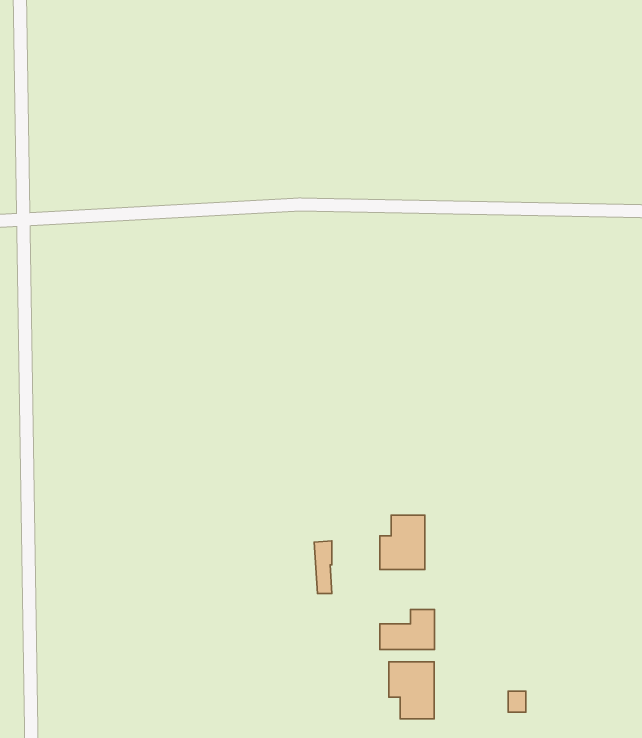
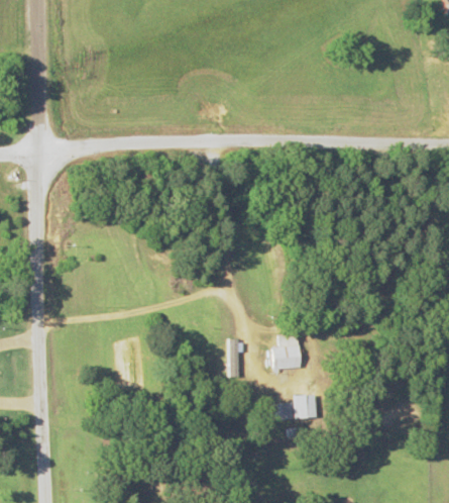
building: [389,662,434,719] -> none

